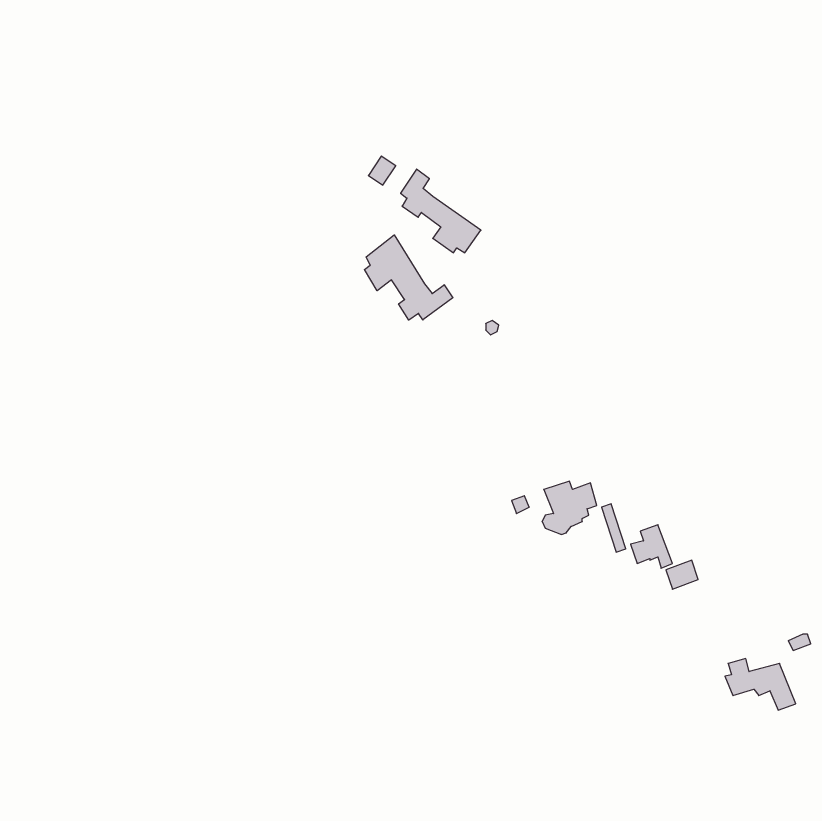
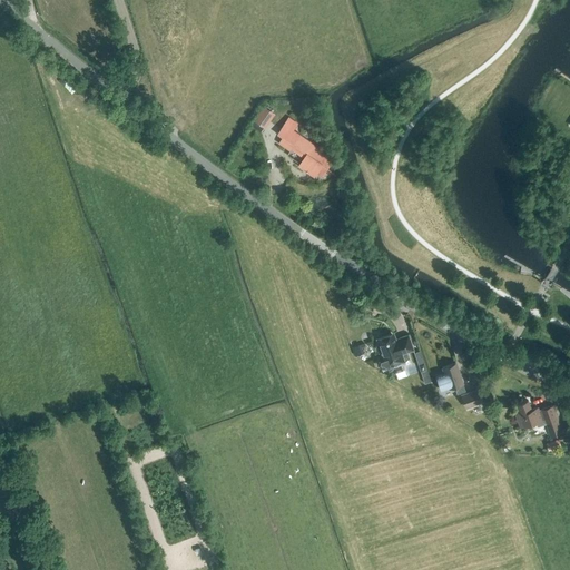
building: [364,235,453,320] -> none
building: [725,659,796,710] -> [514,401,563,436]

